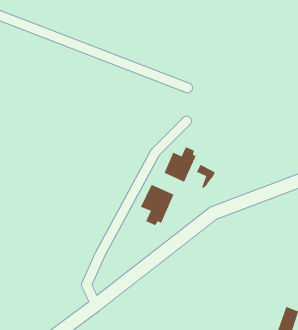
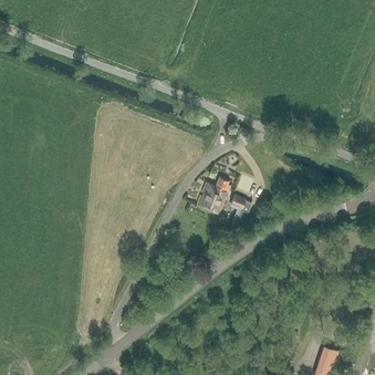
building: [140,184,175,226] -> none

